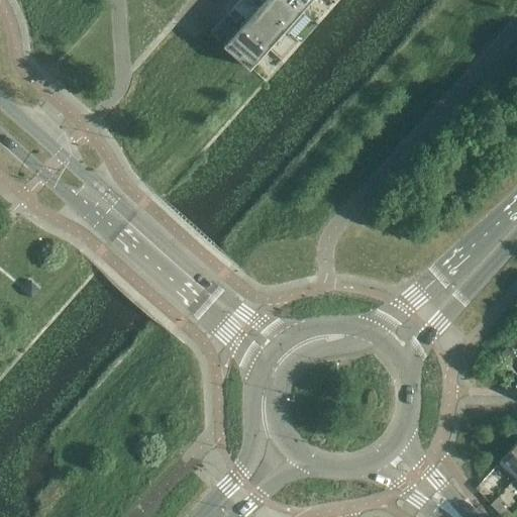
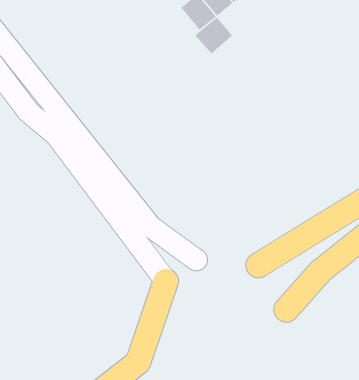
building: none -> [194,17,233,55]

